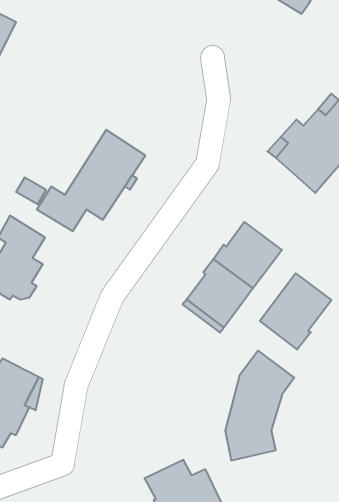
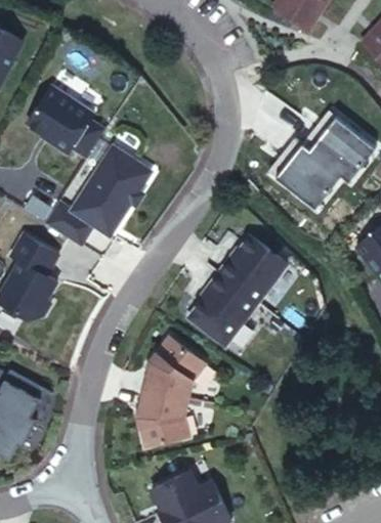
building: none -> [27,86,104,158]
building: [260,273,331,350] -> none
building: [225,351,294,460] -> [138,338,207,446]

